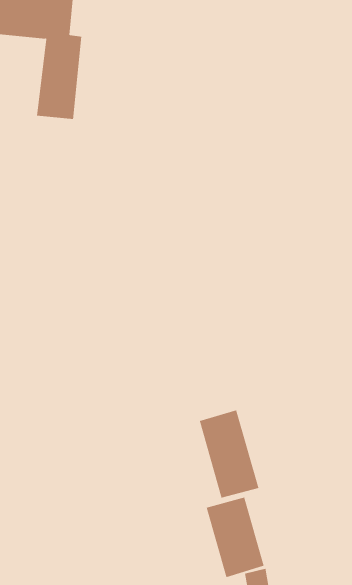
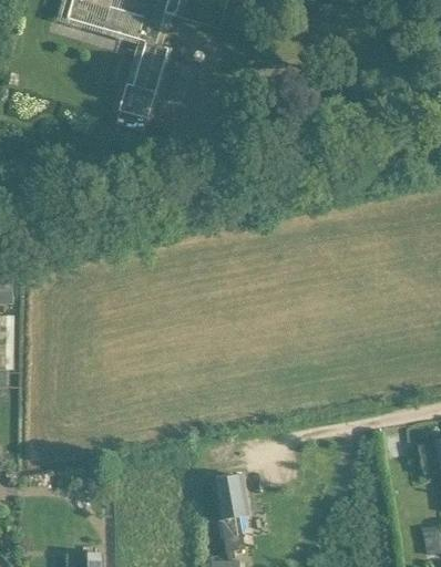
building: [199,410,259,498] -> none

